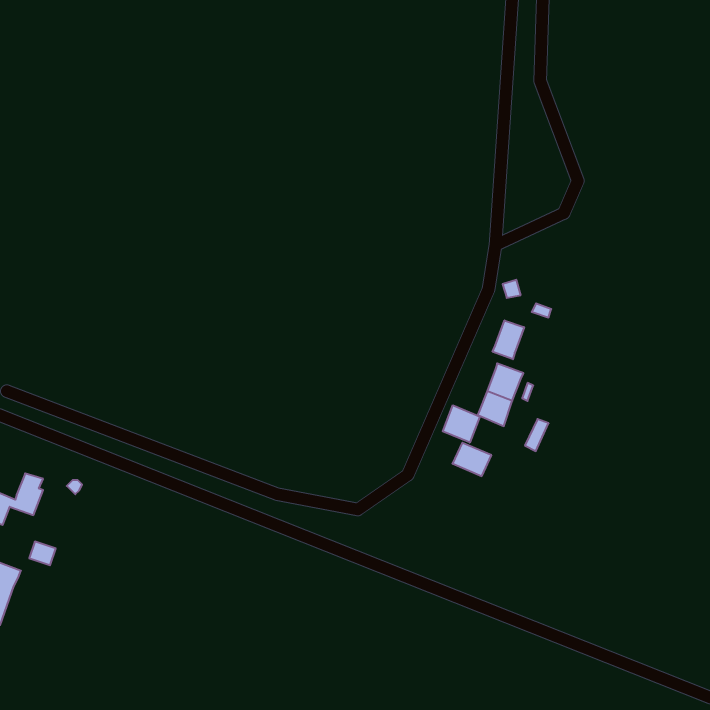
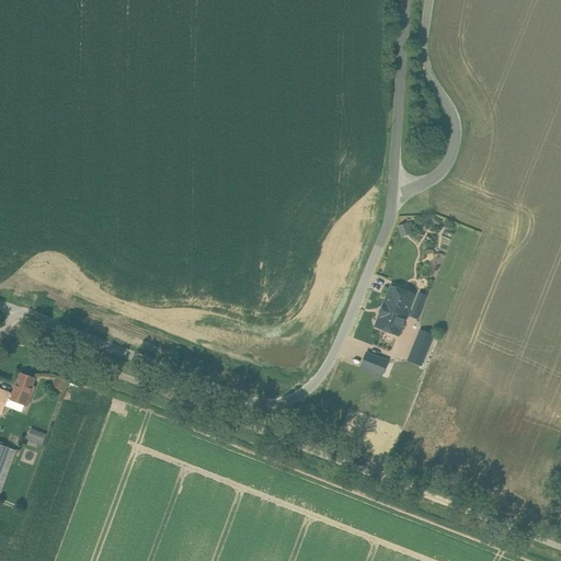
building: [493,320,524,359] -> none
building: [443,405,480,443] -> none

